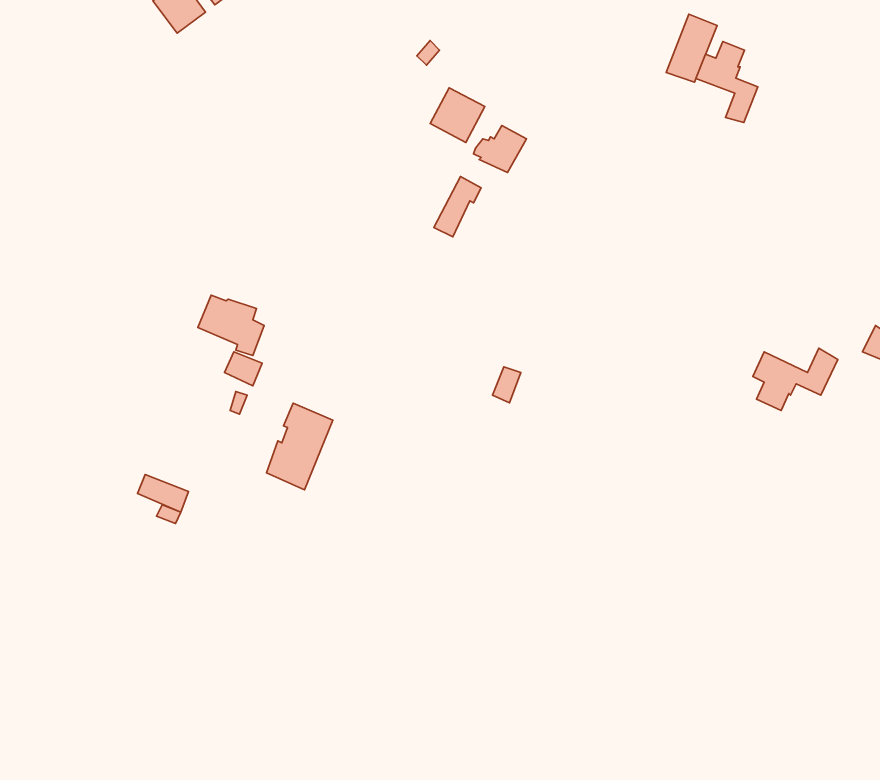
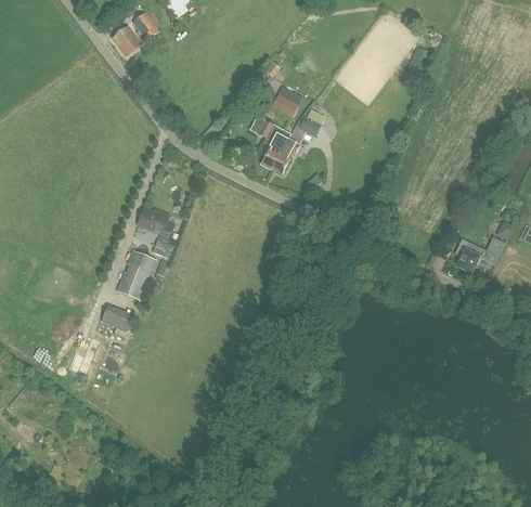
building: [696,42,758,122] -> none
building: none -> [257,119,290,168]
building: [267,403,333,490] -> [117,249,155,299]

